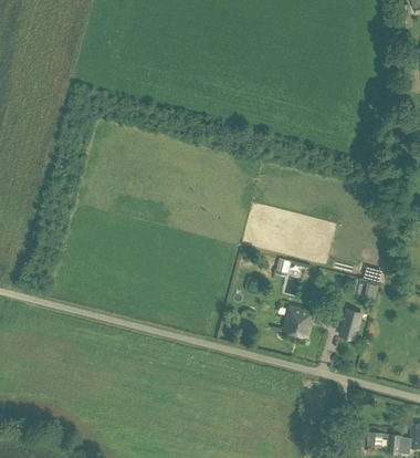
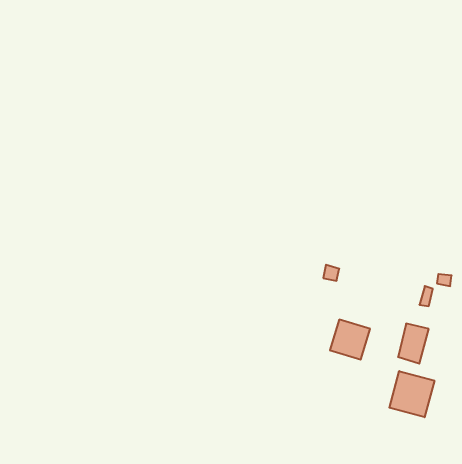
building: none -> [389,371,434,417]

